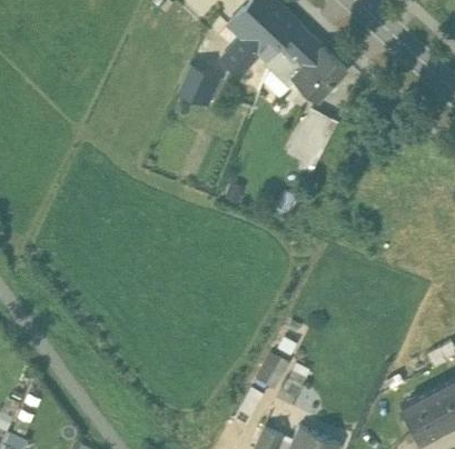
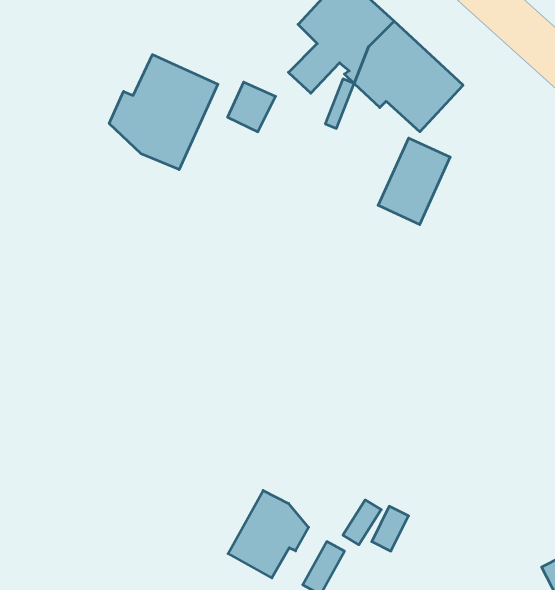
building: none -> [109,55,218,170]
building: none -> [228,490,309,578]

